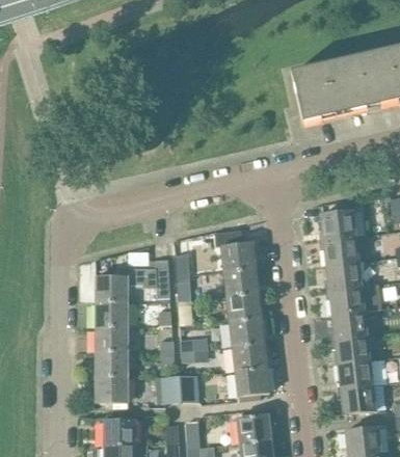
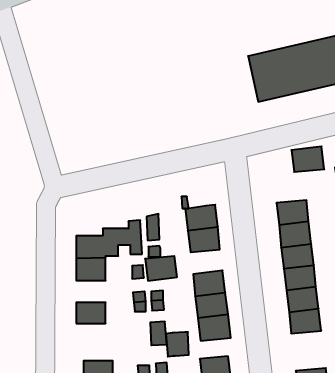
building: [319,210,356,239] -> [291,146,324,172]
building: [224,292,261,320] -> [145,256,177,281]
building: [95,327,128,352] -> none
building: [154,375,180,403] -> [166,332,189,357]
building: [95,376,128,402] -> none
building: [339,384,376,414] -> none

